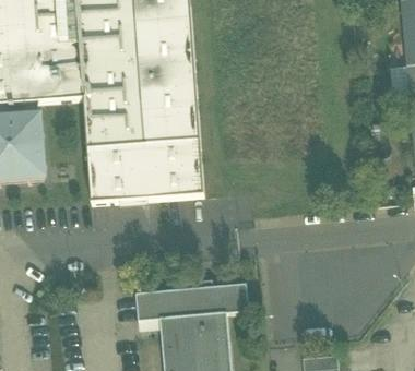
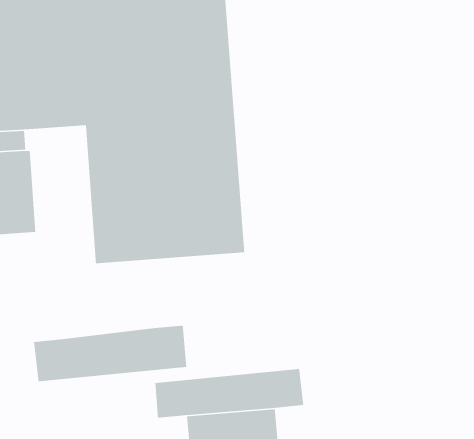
building: none -> [33,325,187,382]

